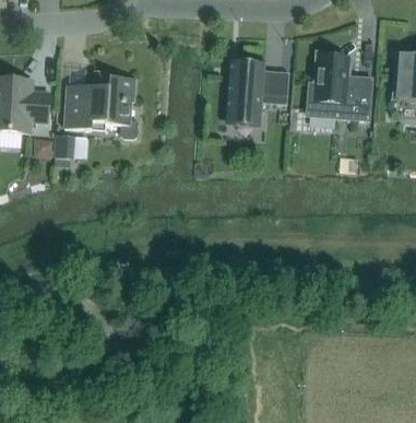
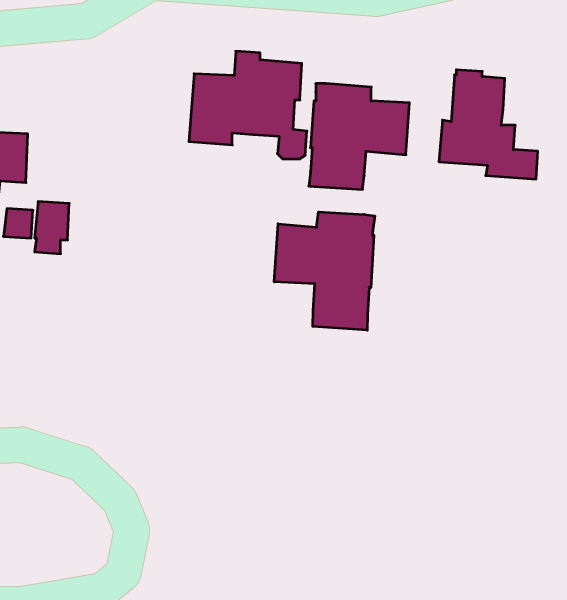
building: [64,70,139,138] -> [189,51,307,159]
building: none -> [274,212,375,330]

